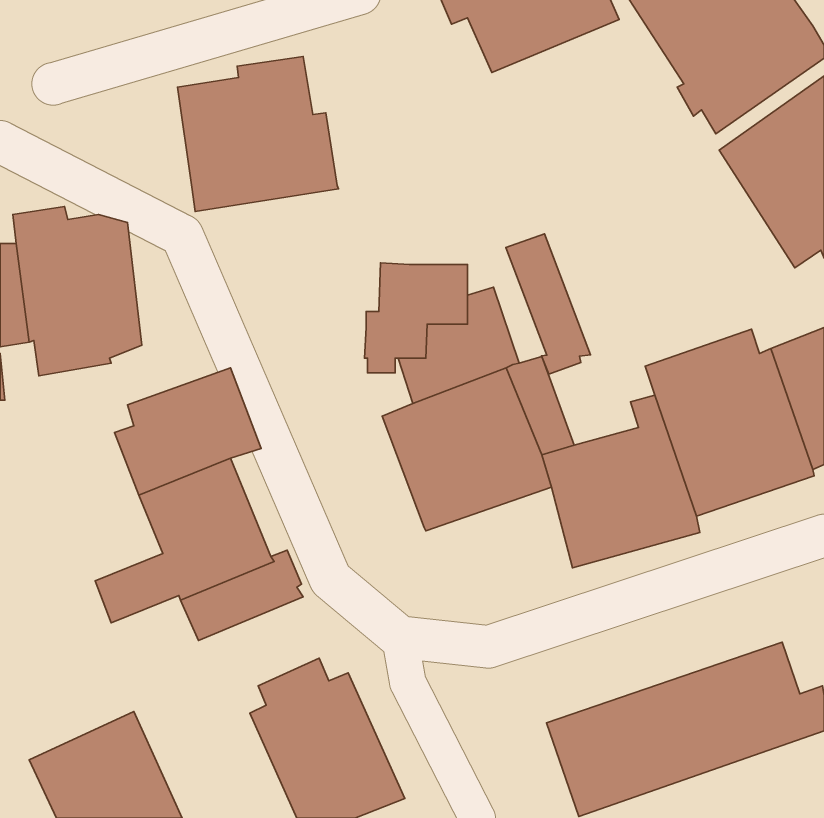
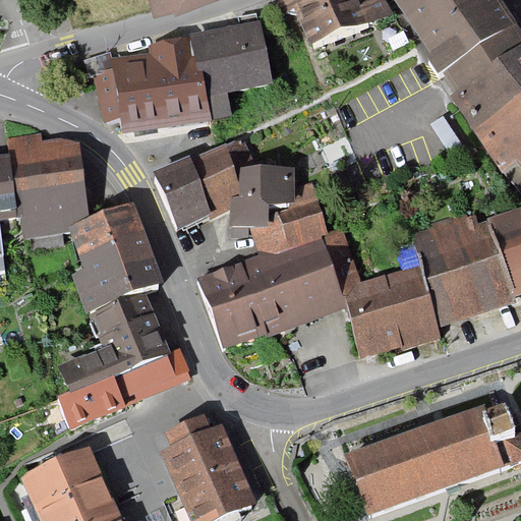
building: none -> [191,23,273,117]
building: none -> [85,50,121,121]
building: none -> [153,135,258,231]
building: [506,234,590,374] -> none
building: none -> [69,201,146,255]
building: none -> [197,263,268,348]
building: none -> [58,375,126,428]

